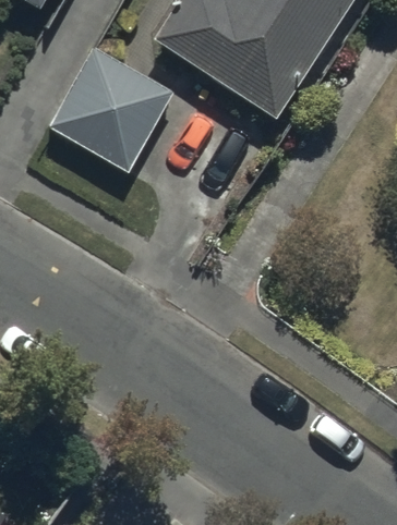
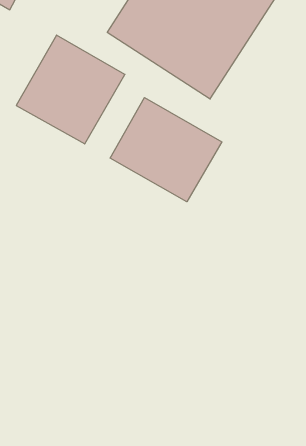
building: none -> [110,98,222,202]

